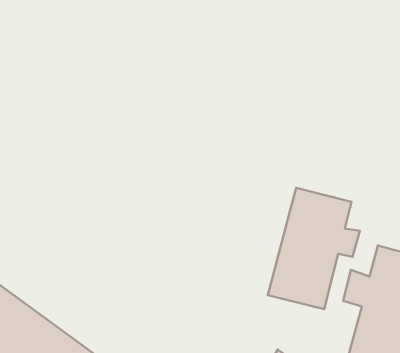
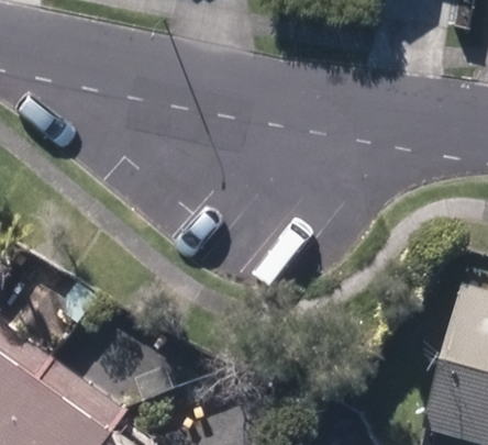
building: [268,188,360,309] -> none

